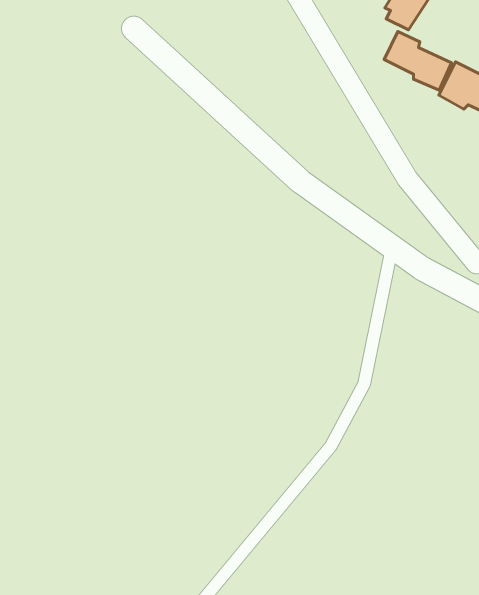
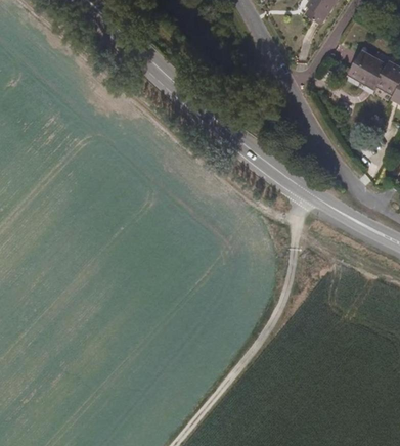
building: [384,32,452,90] -> none

